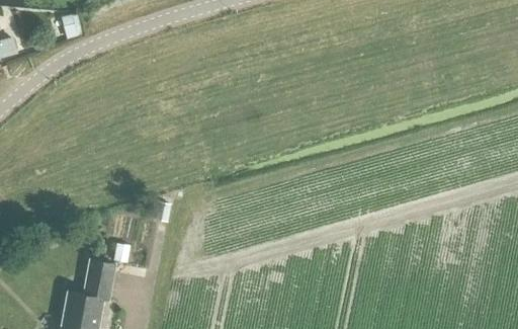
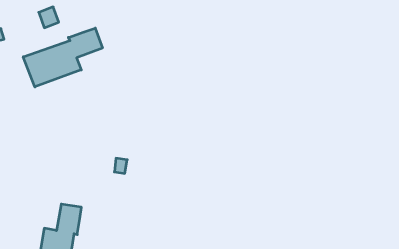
building: none -> [23,28,102,87]

